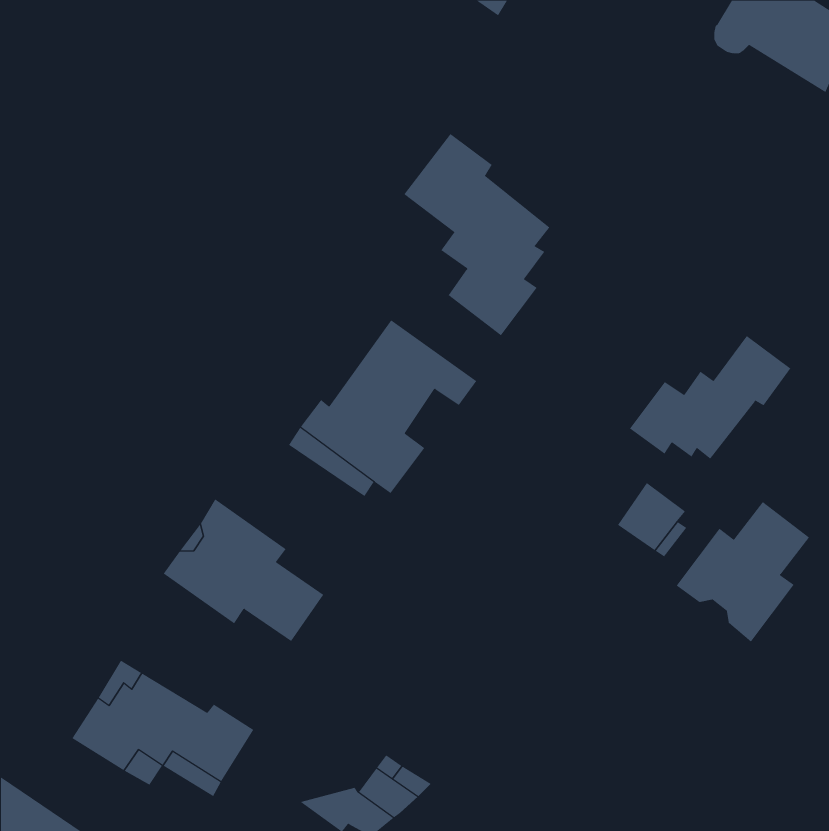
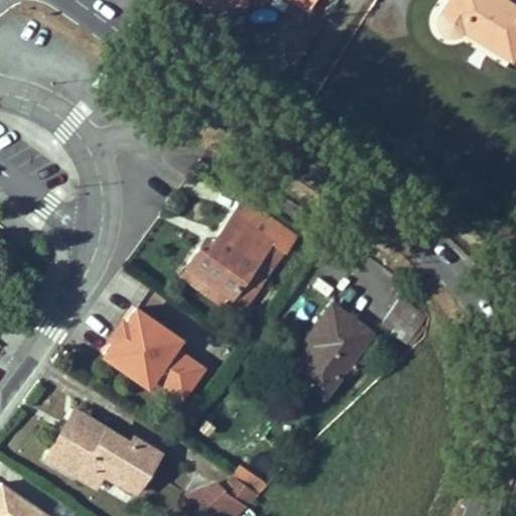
building: [403,133,550,336] -> none
building: [629,335,791,460] -> none
building: none -> [294,304,372,396]
building: [676,501,810,643] -> none

